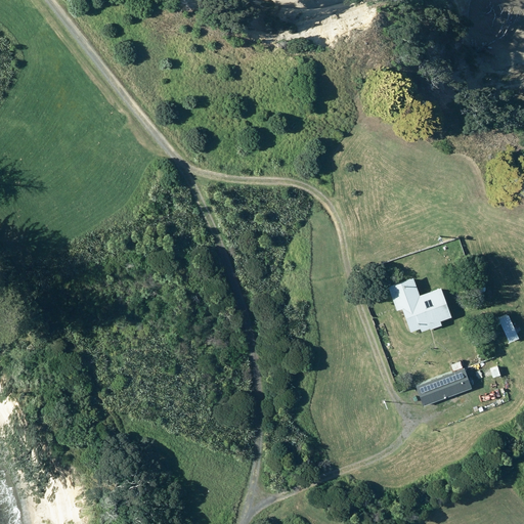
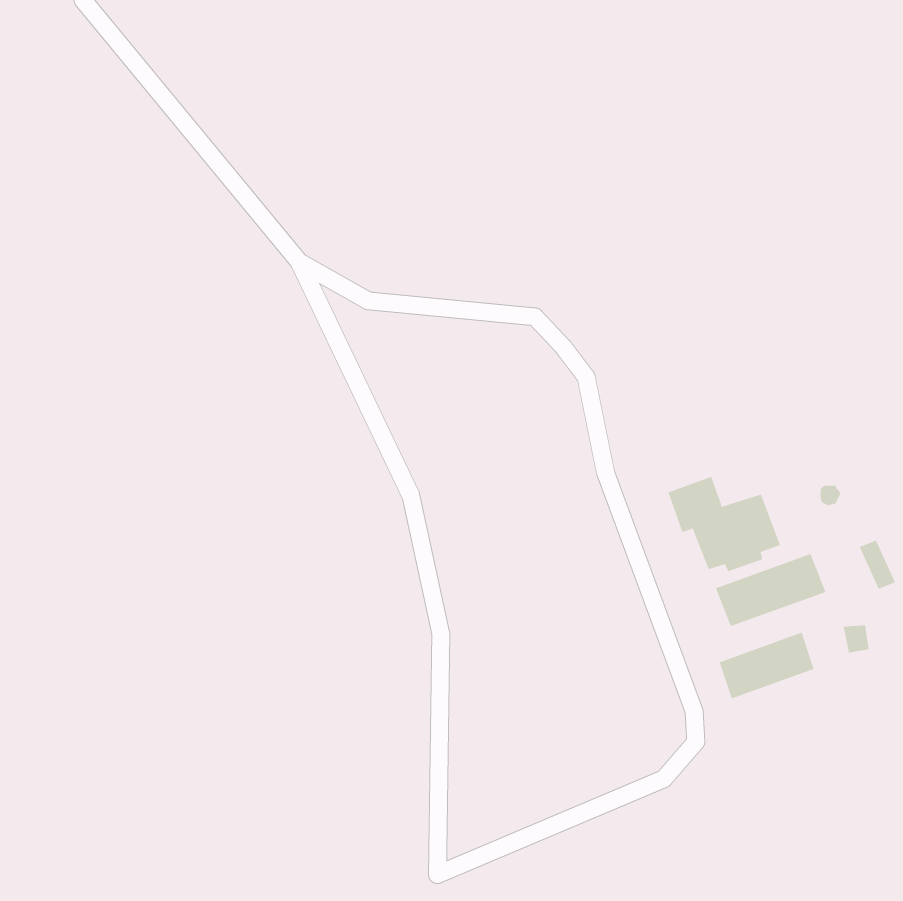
building: none -> [715,553,826,627]

